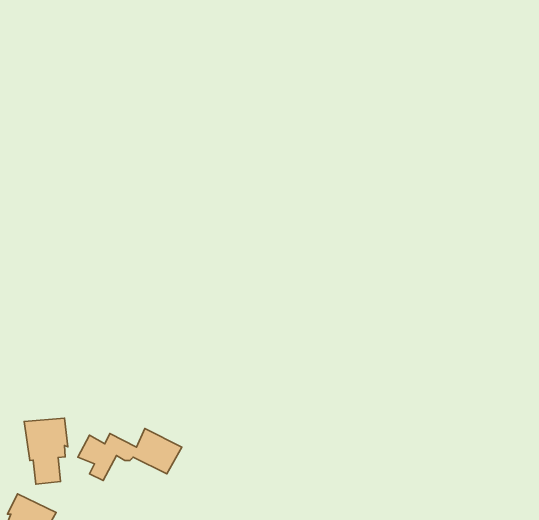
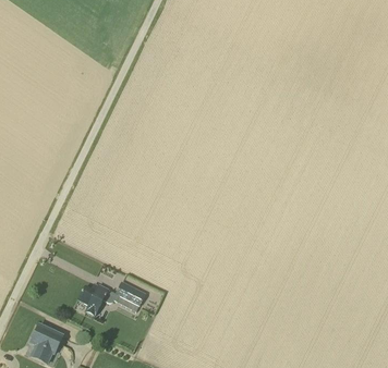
building: [24,418,68,484] -> none

